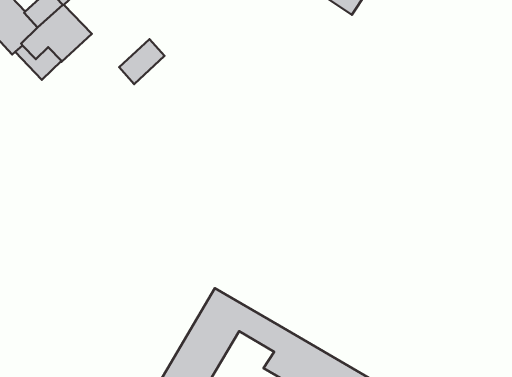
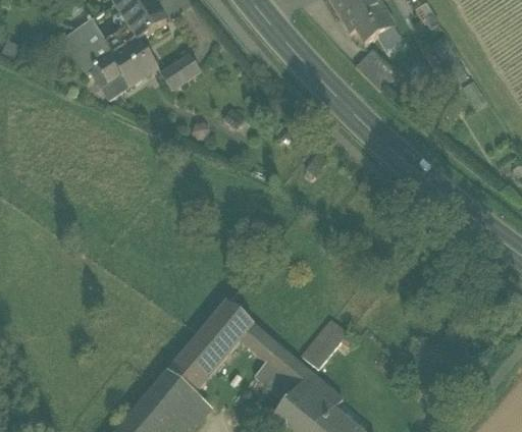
building: [119,39,164,84] -> [160,54,200,90]
building: none -> [301,318,348,368]

